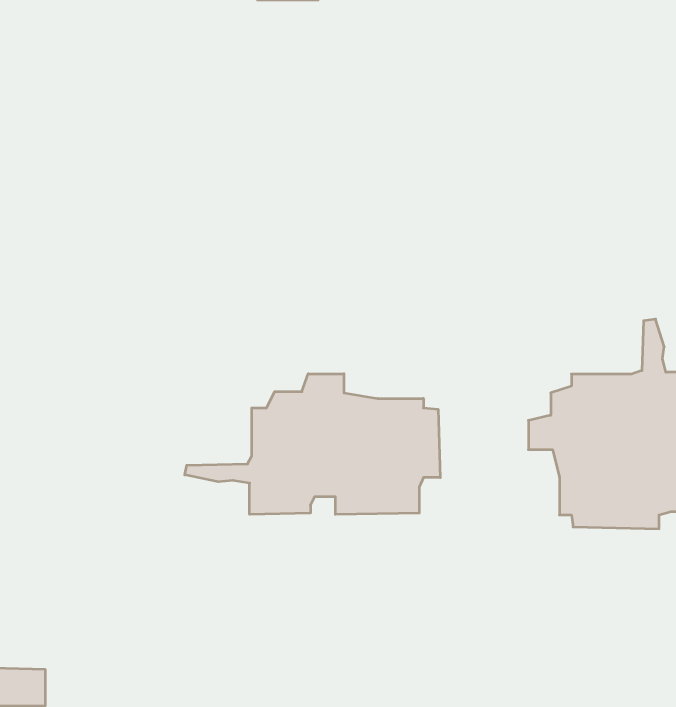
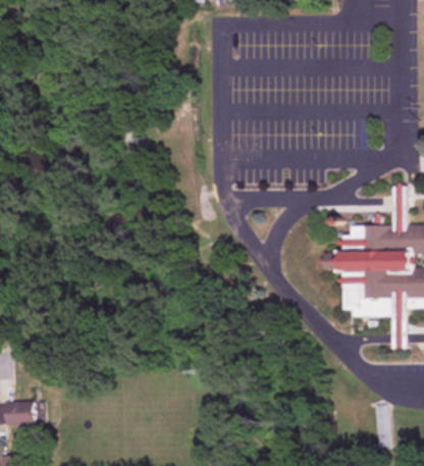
building: [185,374,440,514] -> none

